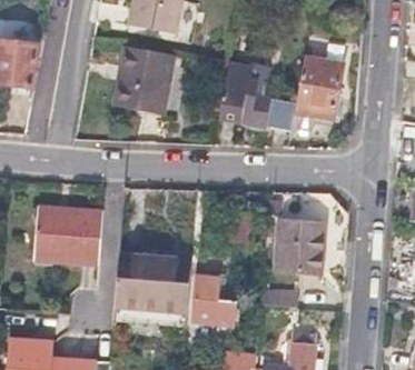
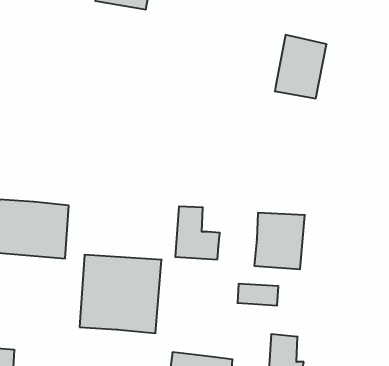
building: [116,44,175,112] -> none
building: [219,61,296,128] -> none
building: [192,274,234,323] -> [175,206,220,259]

